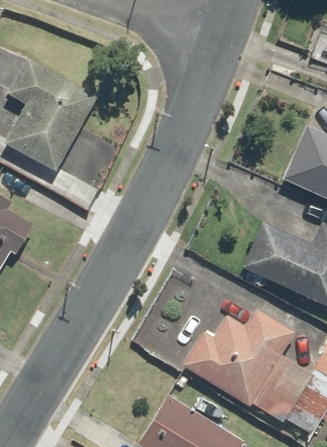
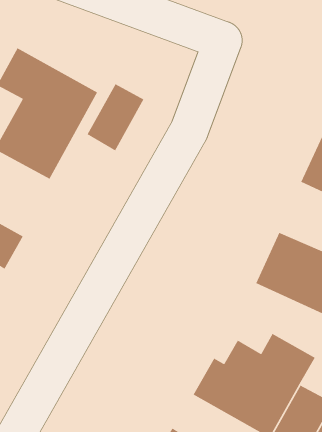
building: none -> [87,83,144,152]

